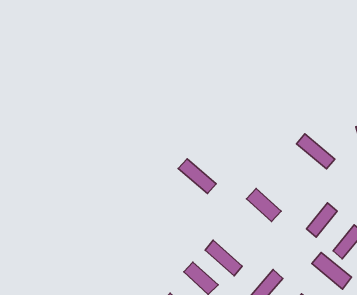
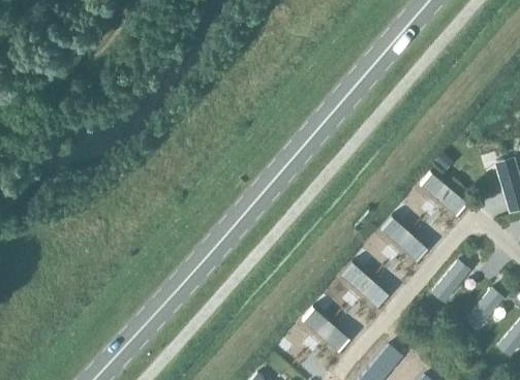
building: [178,159,216,194] -> [341,262,390,307]
building: none -> [380,216,429,261]
building: [312,253,352,289] -> none

